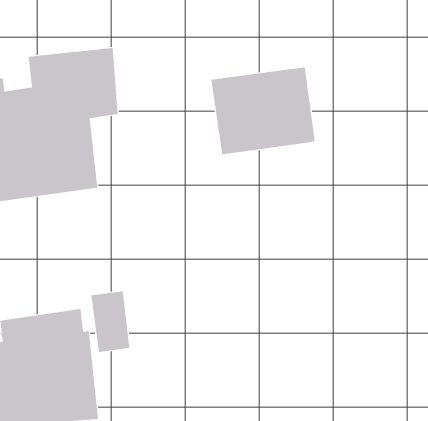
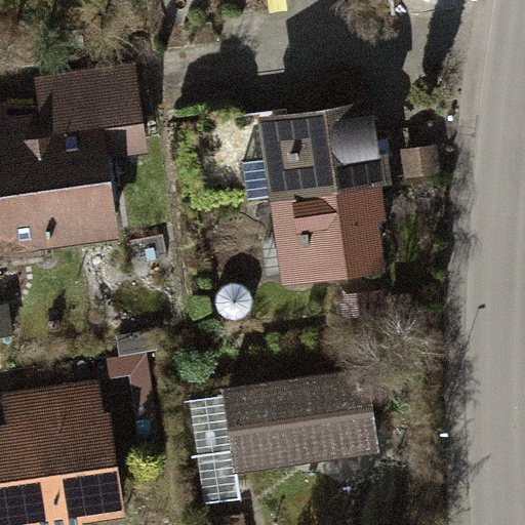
building: none -> [269,186,383,287]
building: none -> [221,369,374,471]

